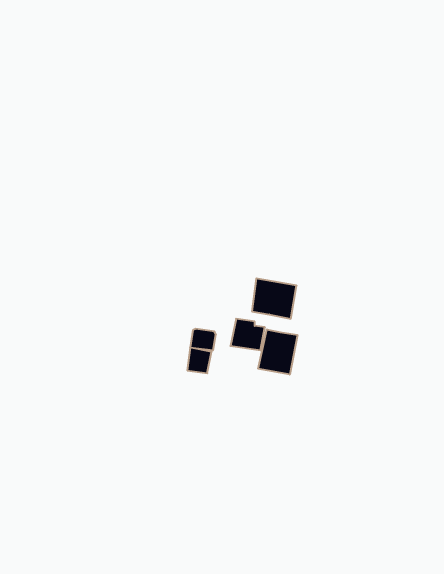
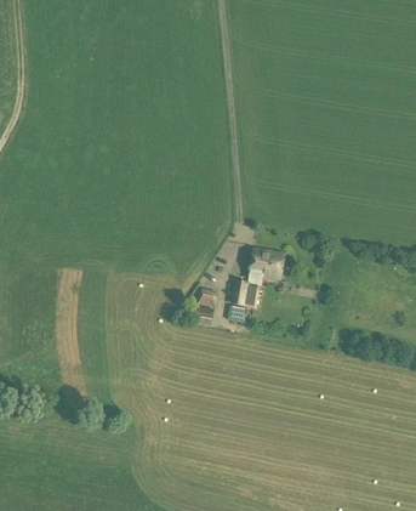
building: [258,329,297,375] -> none

